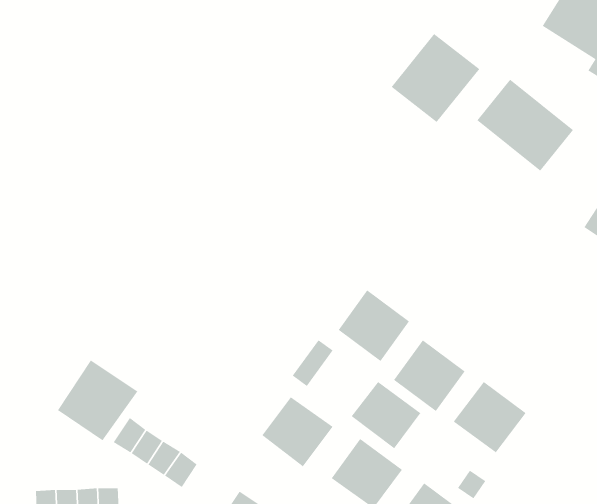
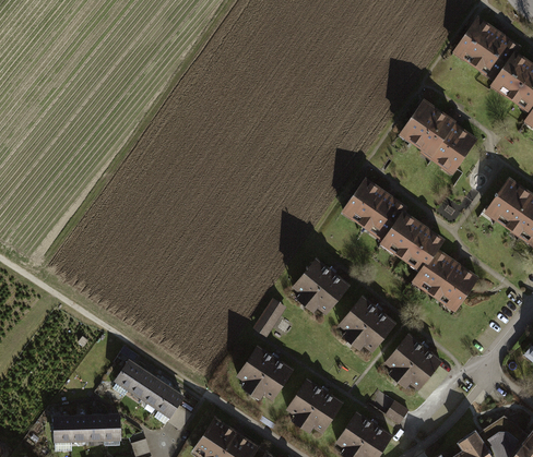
building: [391,33,480,123] -> none
building: none -> [342,180,474,309]
building: [57,360,138,441] -> none
building: [351,381,421,449] -> none

